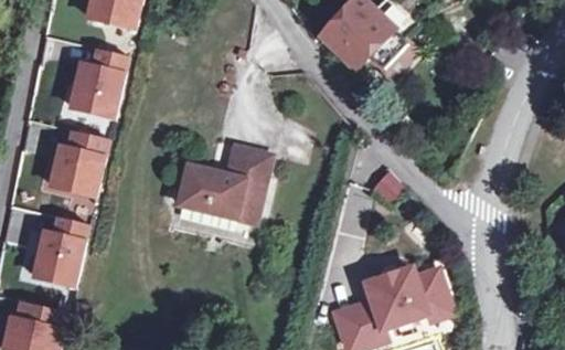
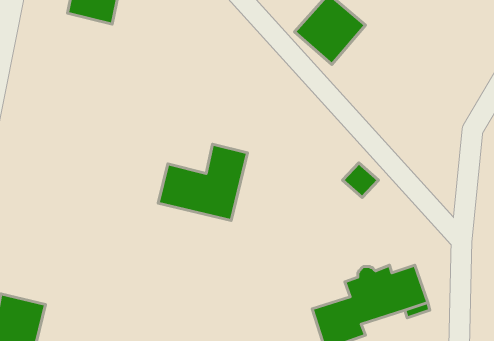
building: [72,46,126,115] -> none
building: [52,128,106,192] -> none
building: [33,215,86,284] -> none

